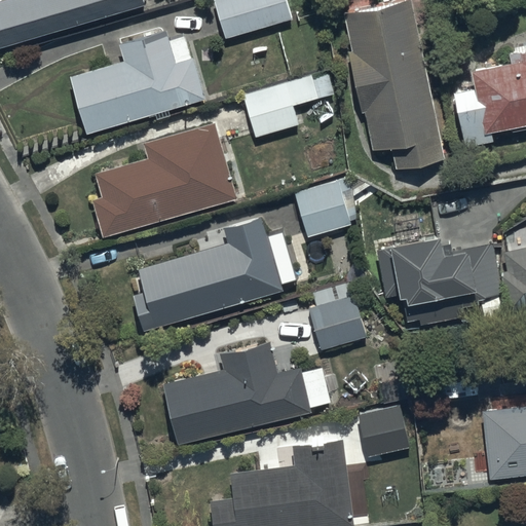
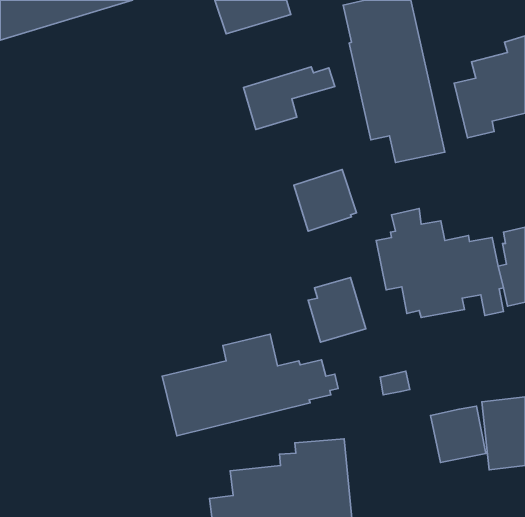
building: [70,30,204,133] -> none
building: [91,122,238,236] -> none
building: [132,217,283,331] -> none
building: [355,405,411,461] -> [430,406,486,463]

